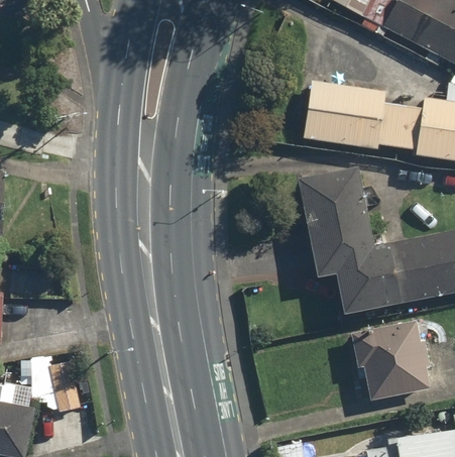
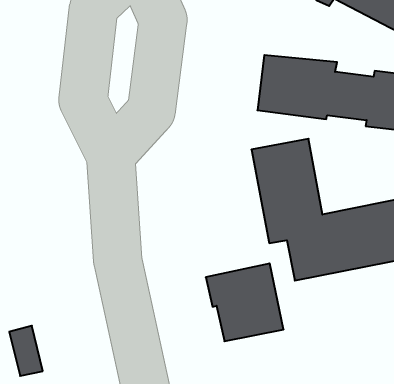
building: [351,321,431,401] -> [206,263,284,341]

